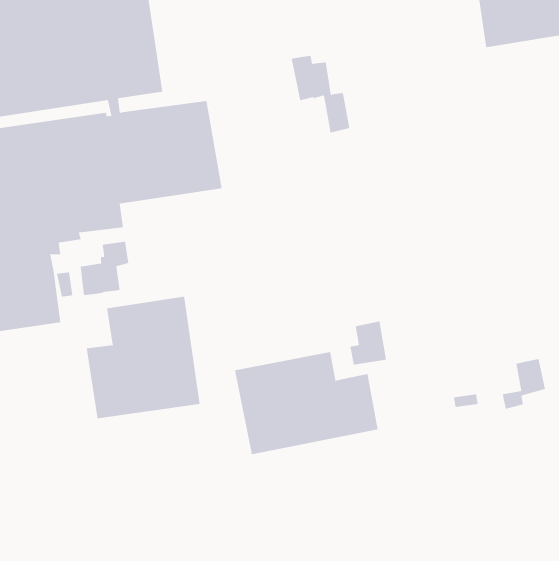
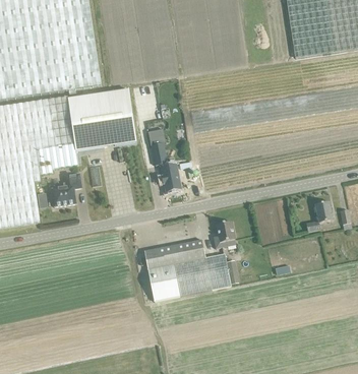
building: [291,55,350,133] -> [142,138,178,185]
building: [86,296,200,419] -> none
building: [502,359,546,409] -> [307,200,334,231]

